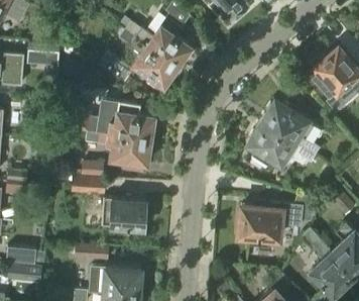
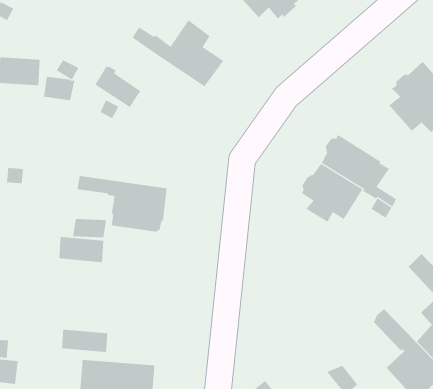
building: [119,29,178,90] -> none
building: [56,101,155,139] -> none
building: [238,193,317,246] -> none
building: [102,198,146,228] -> none

